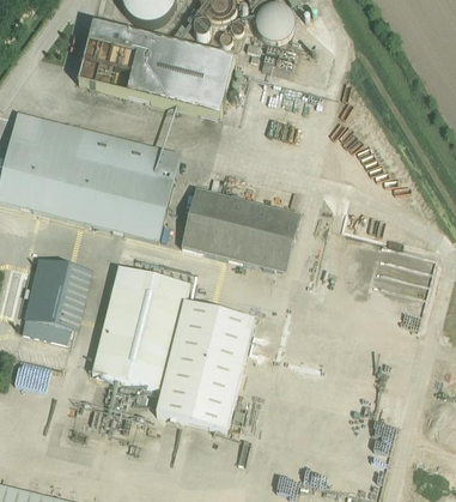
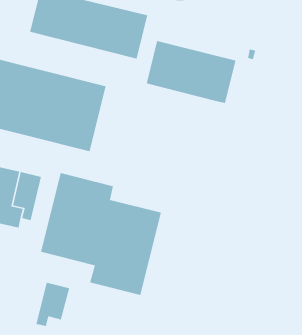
building: [181,187,300,271] -> [146,40,236,104]
building: none -> [36,282,70,327]

